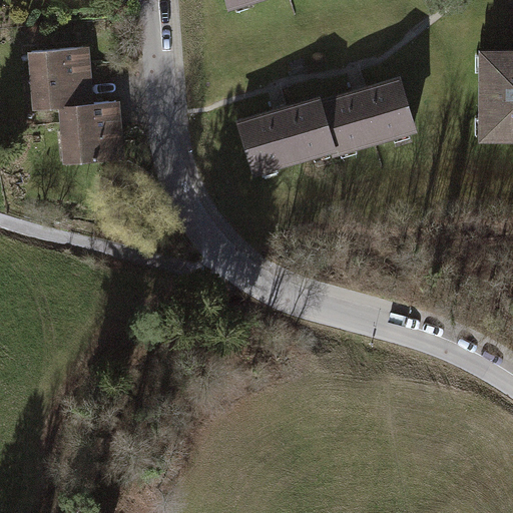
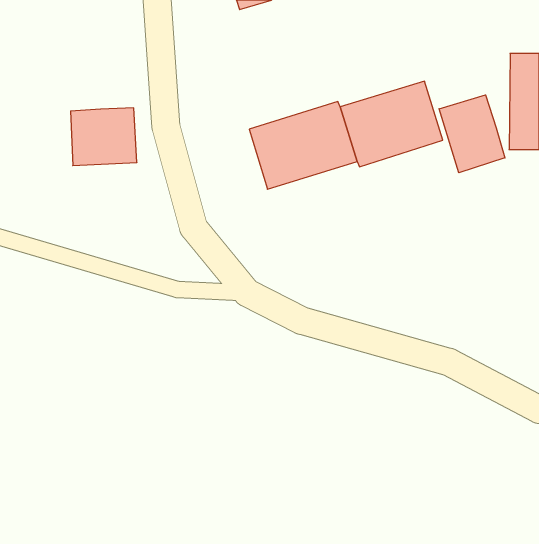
building: [30,47,94,108] -> none
building: none -> [439,95,505,173]

